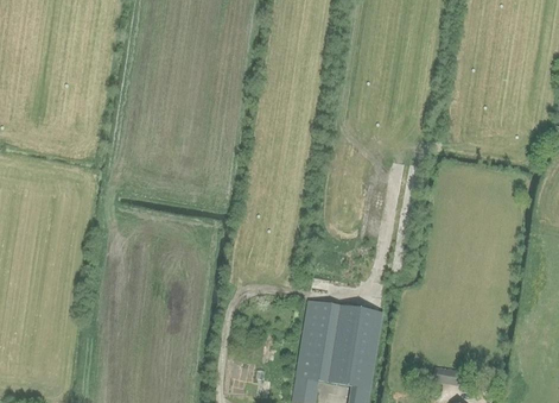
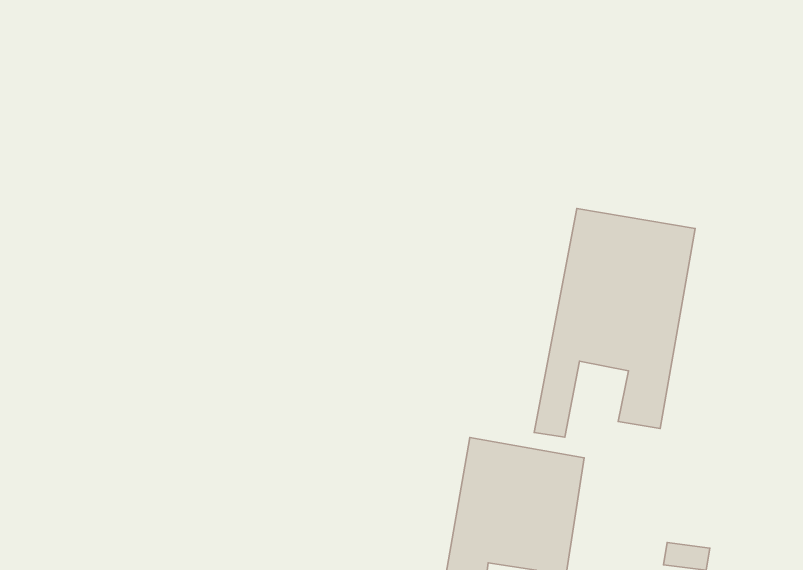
building: none -> [534,208,695,437]

